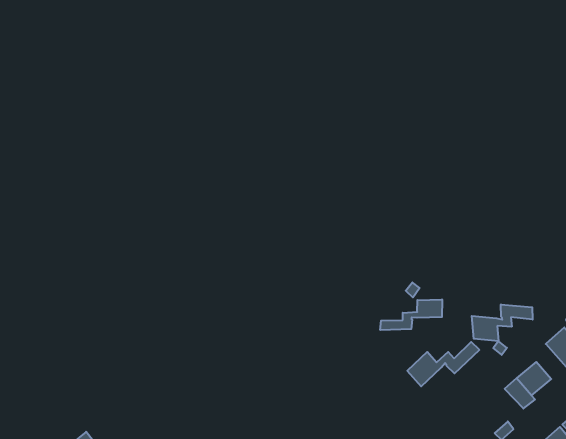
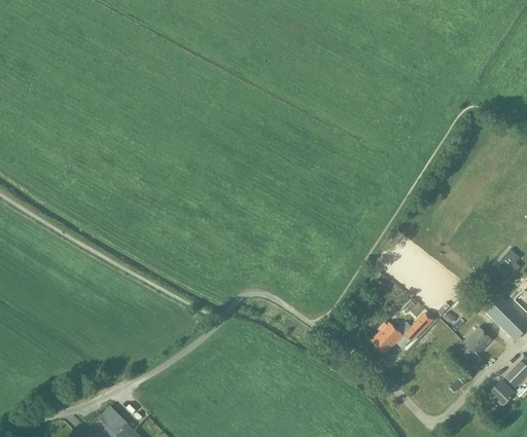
building: [380,299,442,330] -> none
building: [472,304,533,341] -> none

